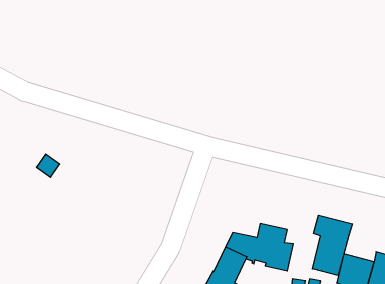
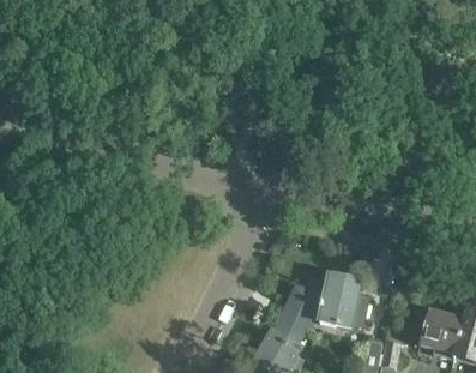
building: [312,215,353,275] -> none

